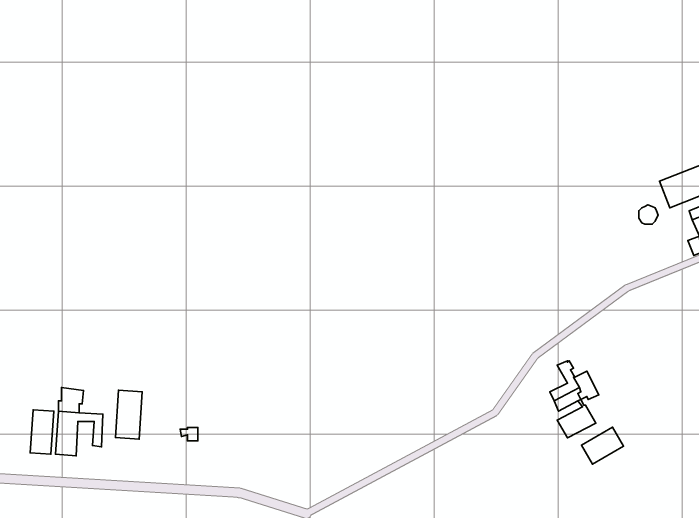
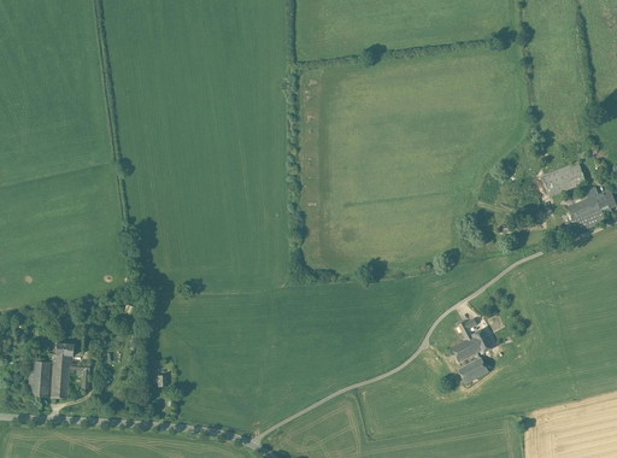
building: [115,390,142,439] -> none
building: [582,427,623,464] -> none

